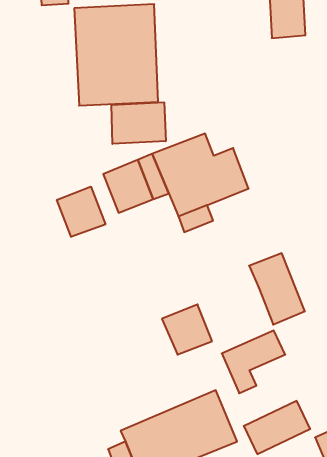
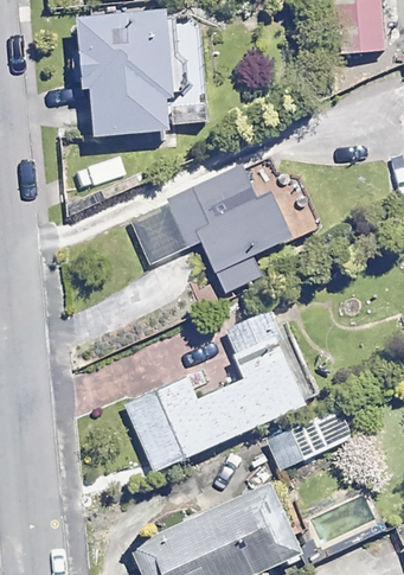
building: [112,102,166,144] -> none
building: [57,187,105,237] -> none
building: [249,253,305,325] -> [232,336,301,423]
building: none -> [124,373,219,467]

